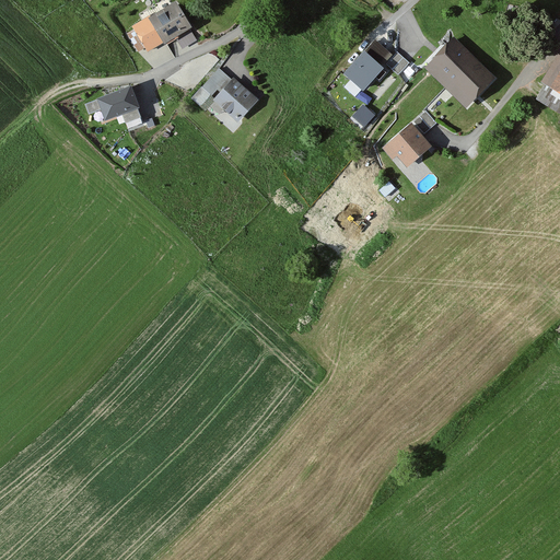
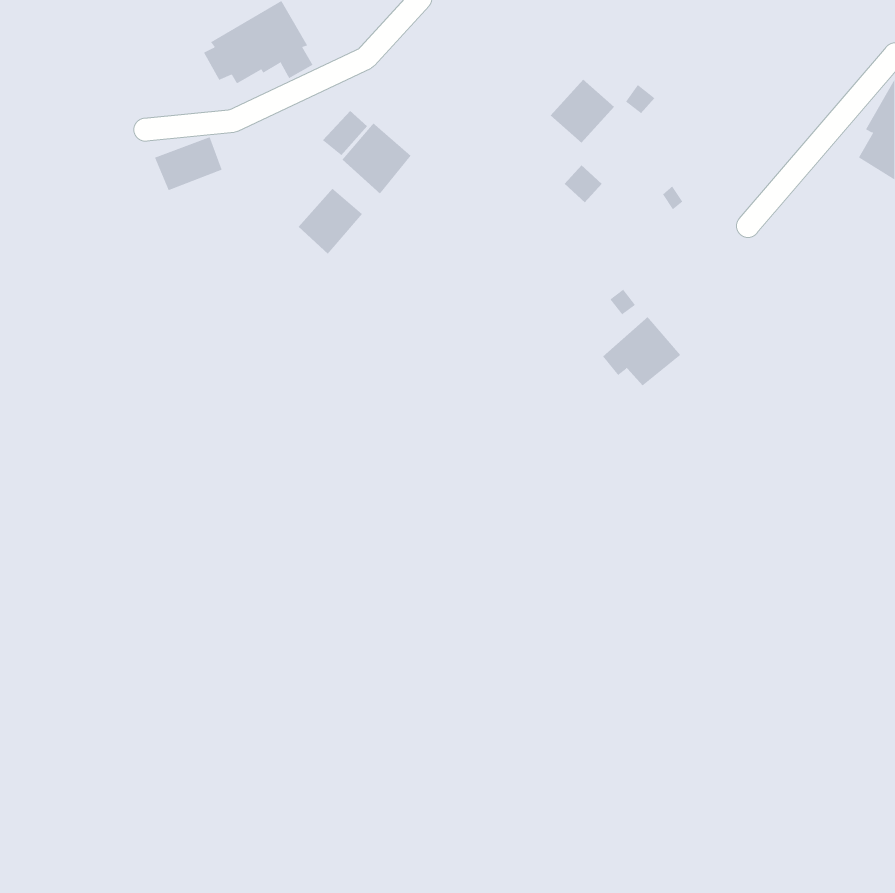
building: [423,37,494,108] -> none
building: none -> [298,188,363,254]
building: [382,122,431,166] -> [602,316,681,386]

